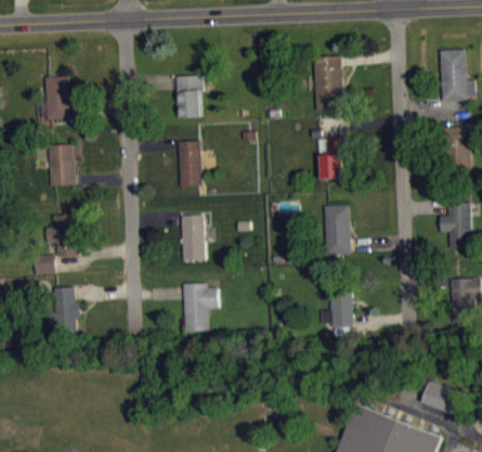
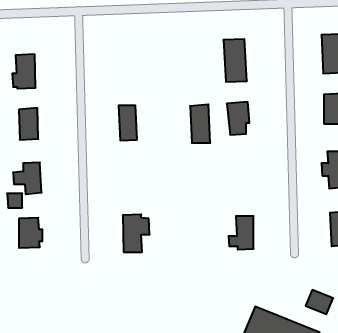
building: [175,77,203,119] -> none
building: [324,205,350,255] -> [190,104,210,143]
building: [181,216,205,261] -> none

